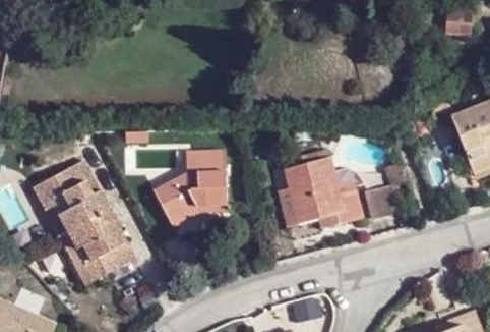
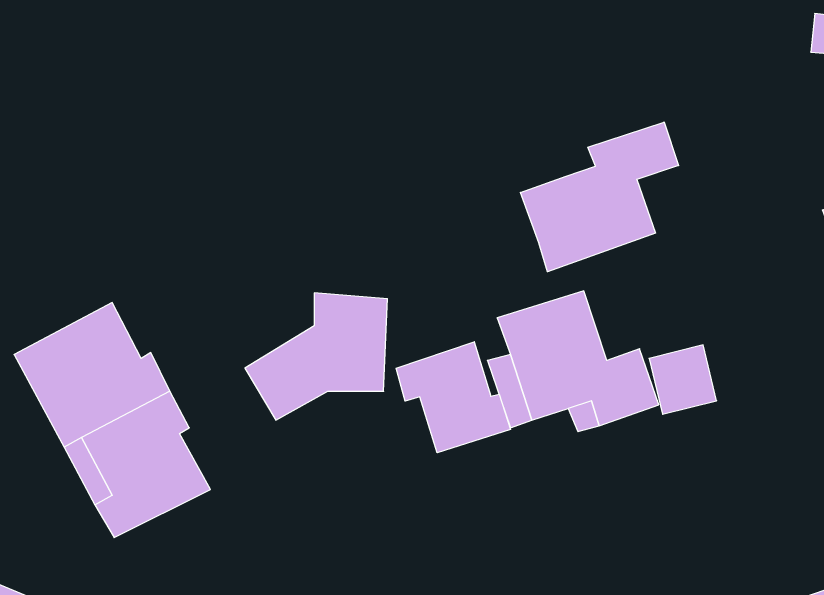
building: none -> [520,122,679,272]
building: none -> [396,342,510,453]

